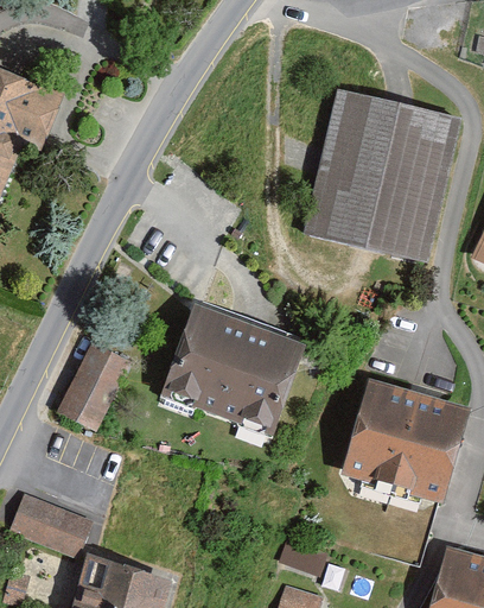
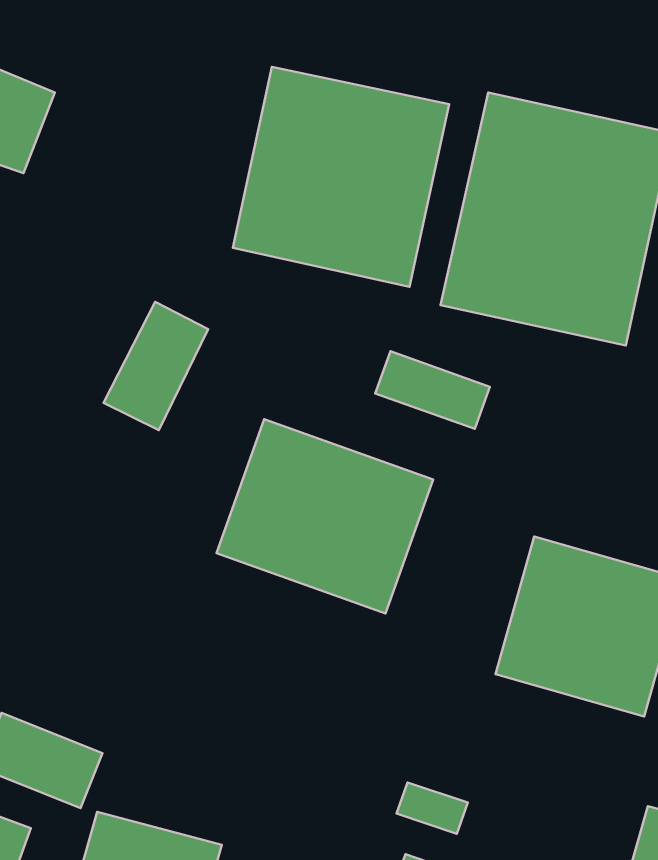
building: none -> [233,67,449,287]
building: none -> [375,351,490,429]
building: [58,343,126,426] -> [104,302,208,430]

